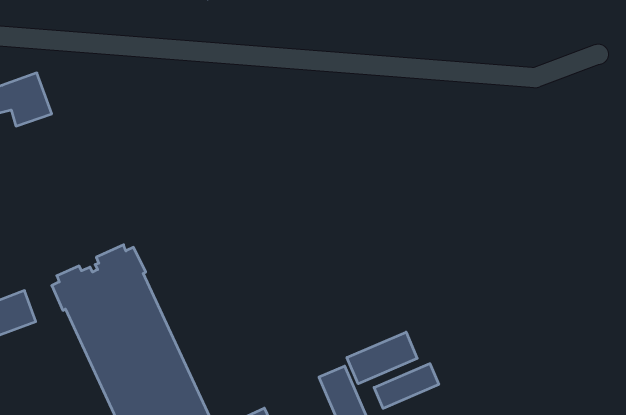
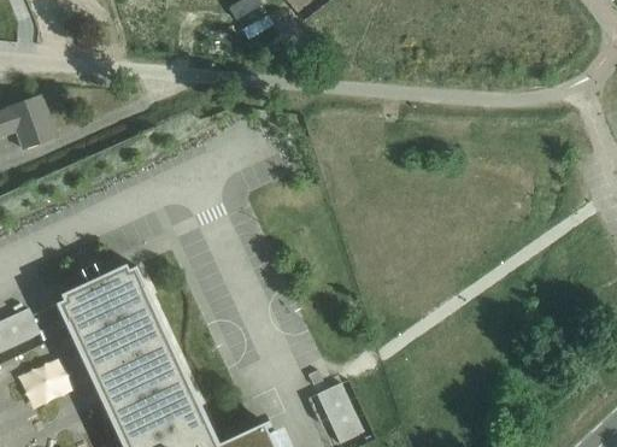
building: [347,332,417,384] -> none
building: [374,364,439,408] -> none

